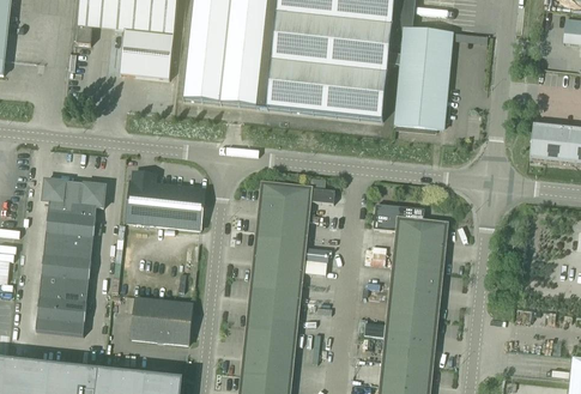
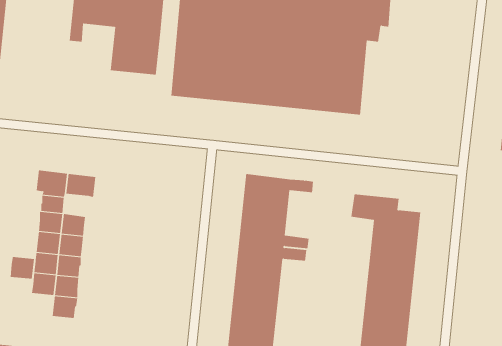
building: [395,28,452,128] -> none
building: [126,171,205,229] -> none
building: [71,204,97,228] -> none
building: [132,297,193,344] -> none
building: [35,308,61,332] -> [10,256,35,279]

